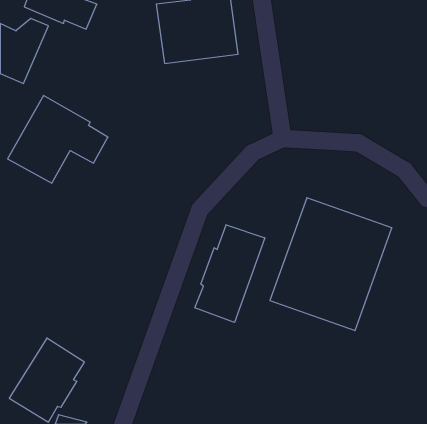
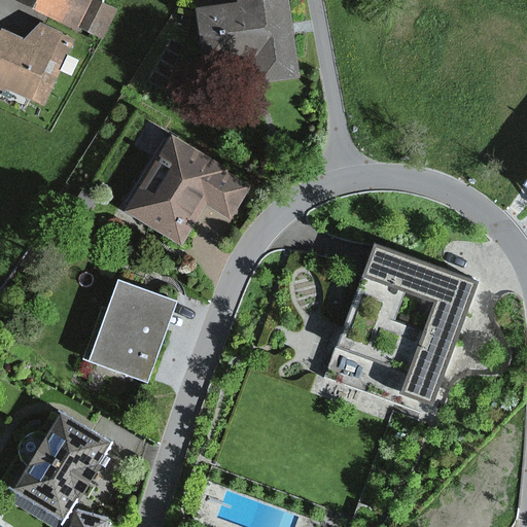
building: [8,95,108,183] -> [126,134,249,242]
building: [195,225,265,322] -> none
building: none -> [82,279,175,387]

